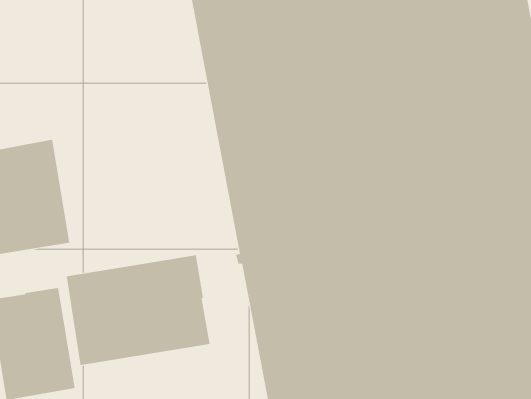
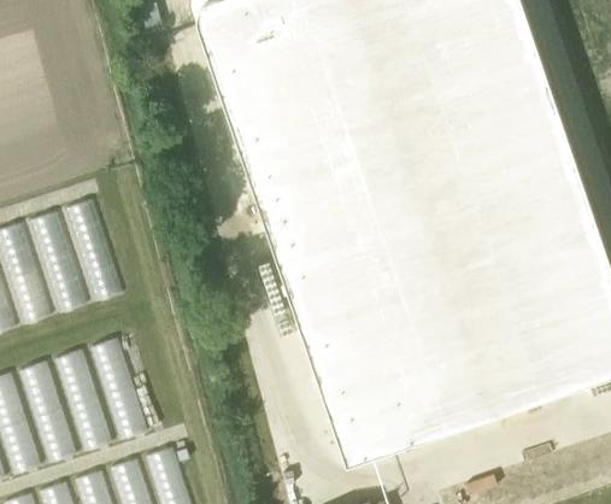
building: [66,254,210,366] -> none

